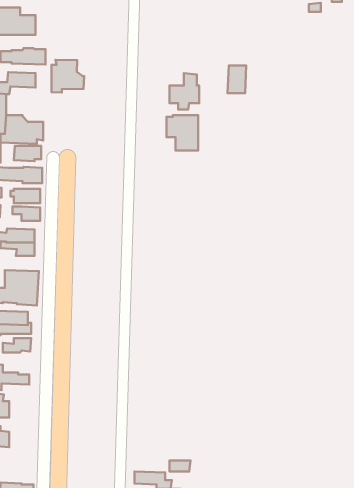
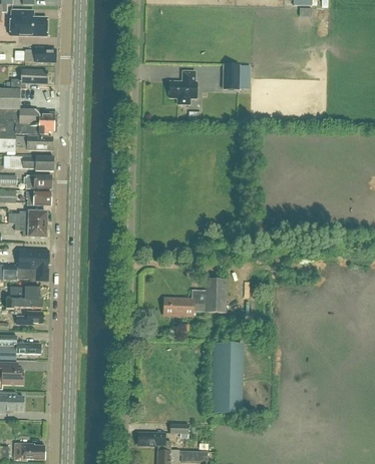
building: [52,60,84,92] -> none
building: [167,115,198,151] -> none
building: none -> [163,279,227,316]
building: none -> [211,342,239,412]

